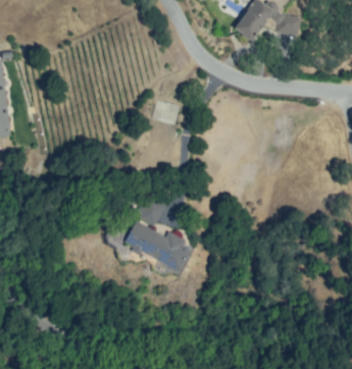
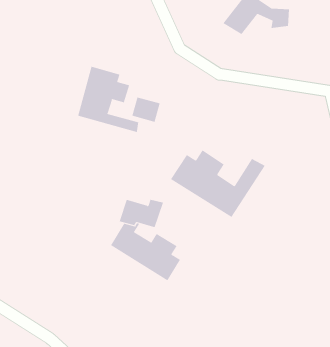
building: none -> [77,66,139,133]
building: none -> [170,149,265,218]

